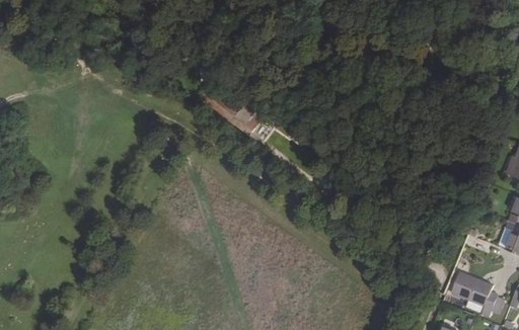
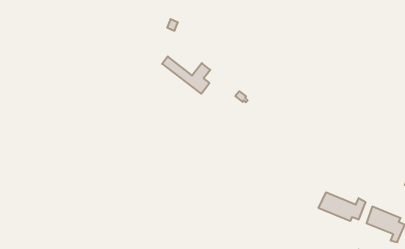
building: none -> [319,192,365,221]

